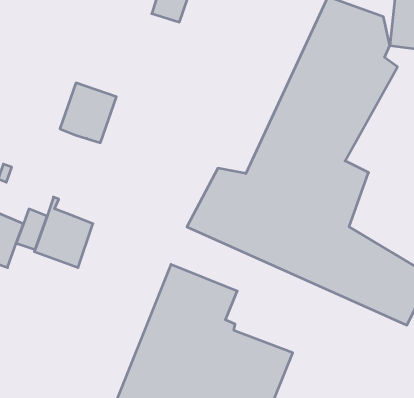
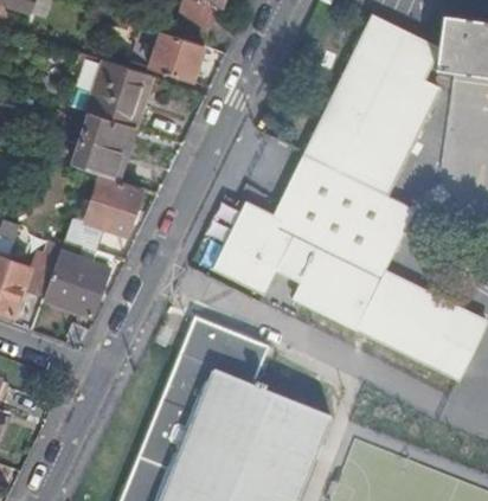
building: none -> [150,32,205,83]
building: none -> [86,59,153,128]
building: none -> [65,171,142,250]

